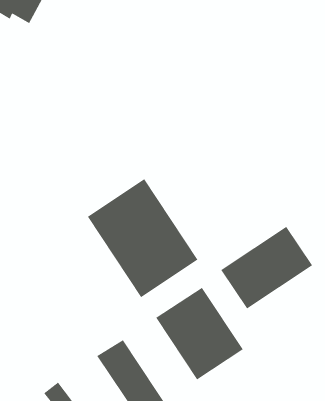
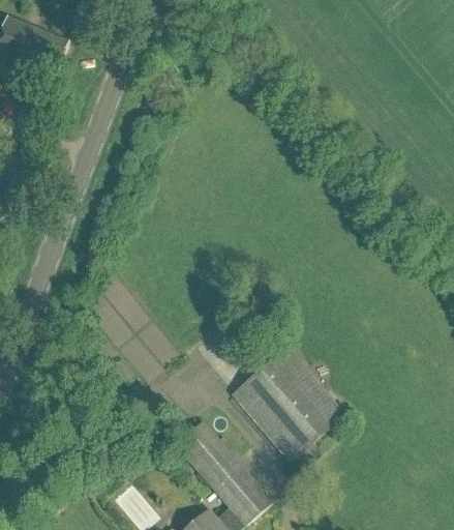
building: [87,178,198,298] -> none
building: [220,226,313,310] -> none

